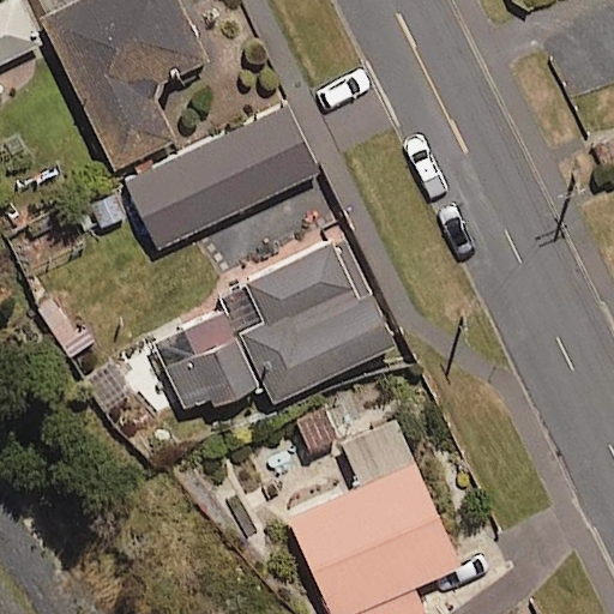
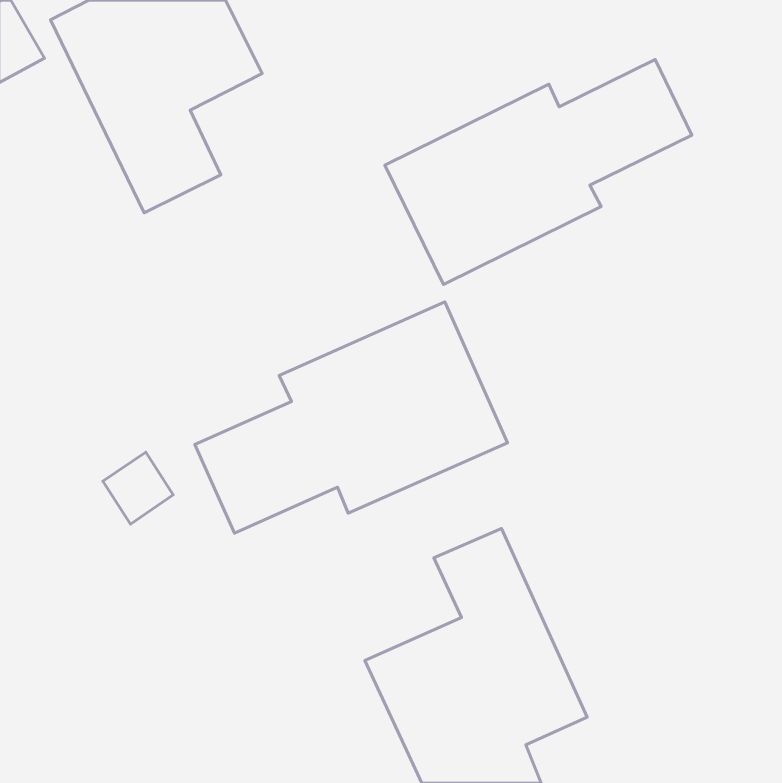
building: none -> [385,60,692,285]
building: [122,107,318,252] -> none

